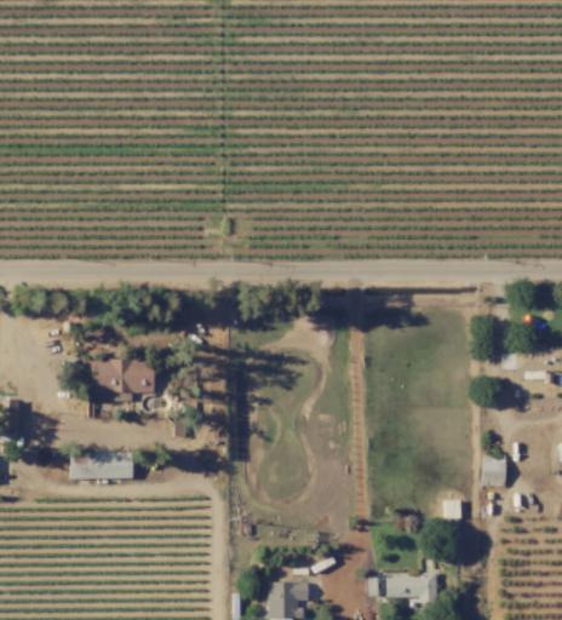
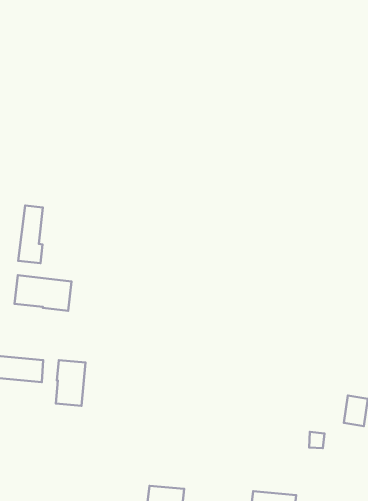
building: none -> [18,205,43,263]
building: none -> [56,360,85,406]

